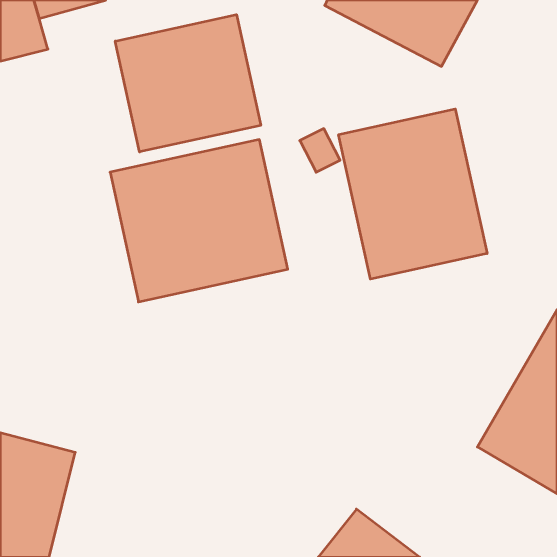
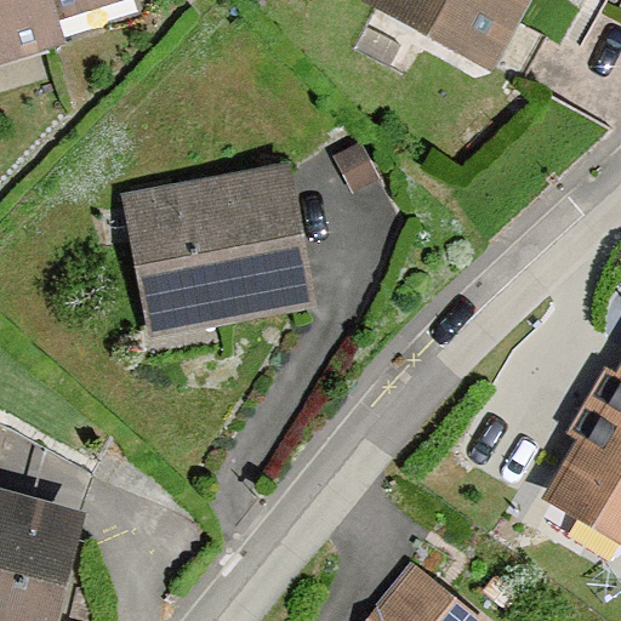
building: [115,15,261,152] -> none
building: [339,109,487,279] -> none

